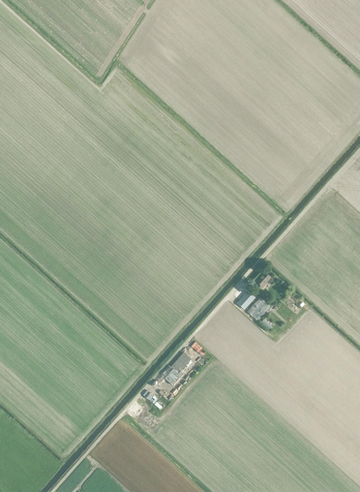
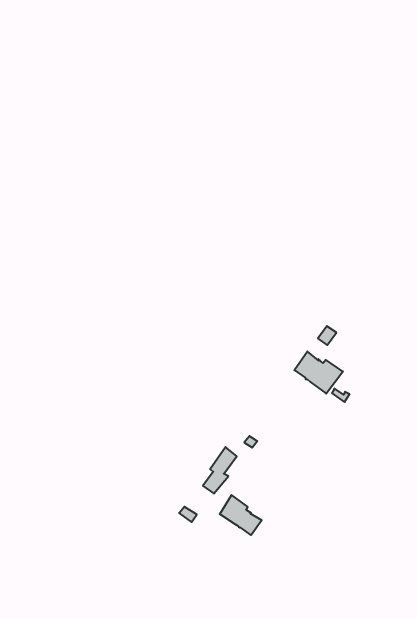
building: none -> [220,495,262,535]

